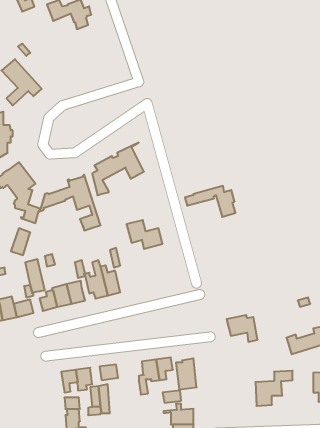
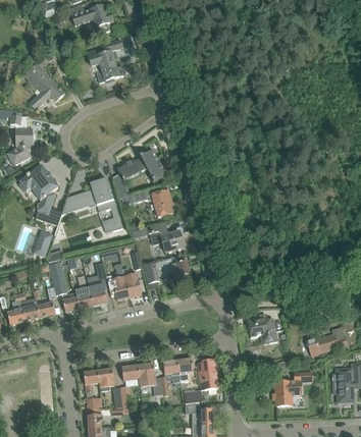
building: none -> [88,40,124,81]
building: [185,186,236,217] -> [122,185,172,216]
building: none -> [144,256,191,283]
building: none -> [138,363,162,394]

